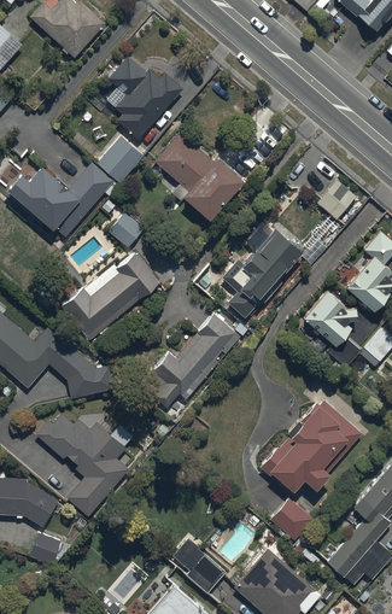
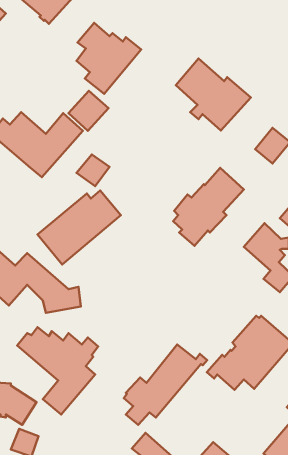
building: [154,130,242,215] -> [176,59,251,131]
building: [150,312,247,407] -> [124,345,207,425]
building: [269,496,314,540] -> none

